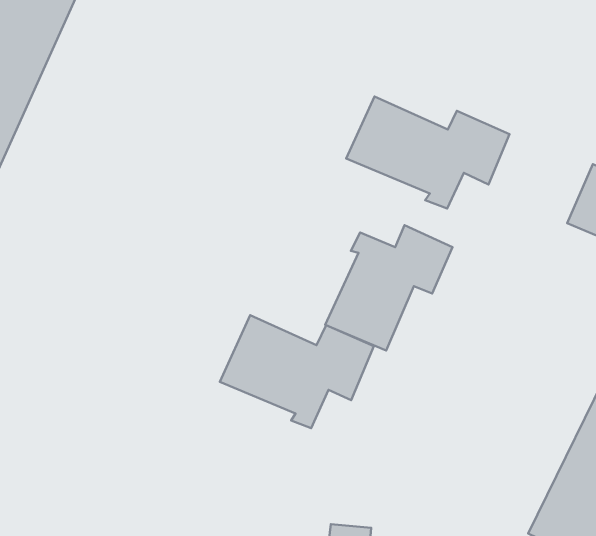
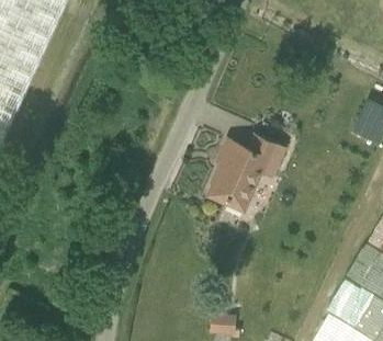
building: [346,96,510,209] -> none
building: [220,315,374,428] -> none

